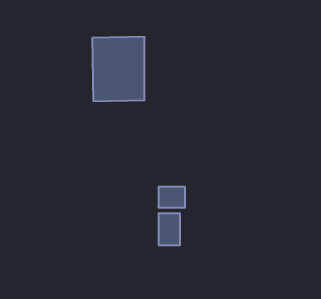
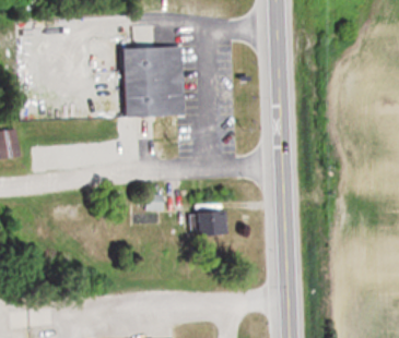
building: [159,213,180,245] -> none

